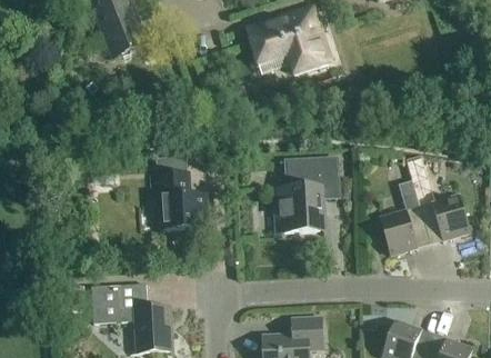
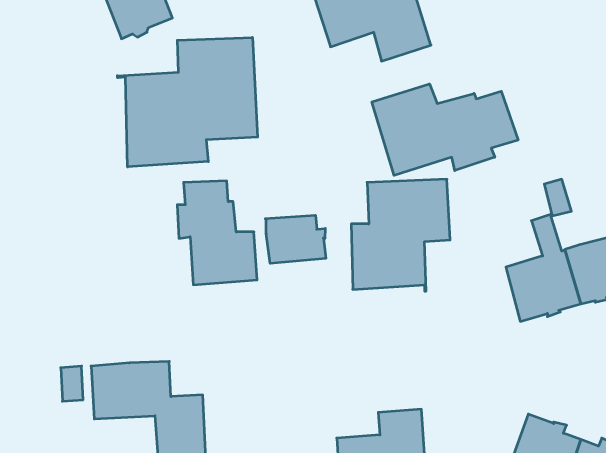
building: none -> [117,37,258,167]
building: none -> [372,84,518,175]
building: none -> [265,215,326,263]

